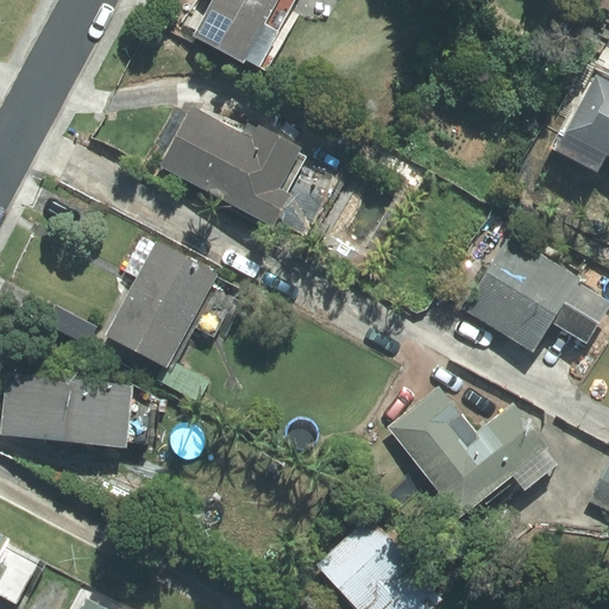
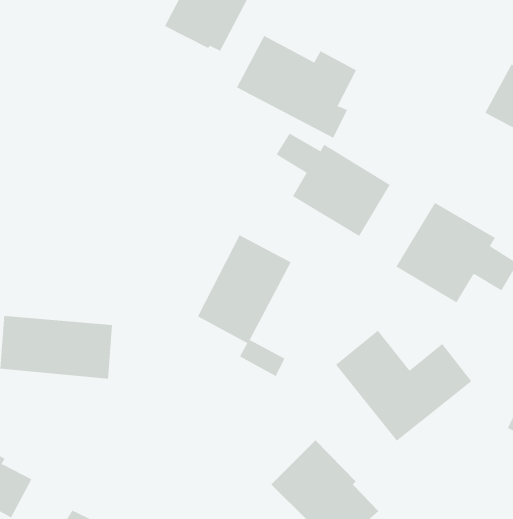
building: [159,106,300,226] -> [236,35,357,139]
building: none -> [276,133,390,237]
building: [106,238,215,403] -> [197,235,291,377]

